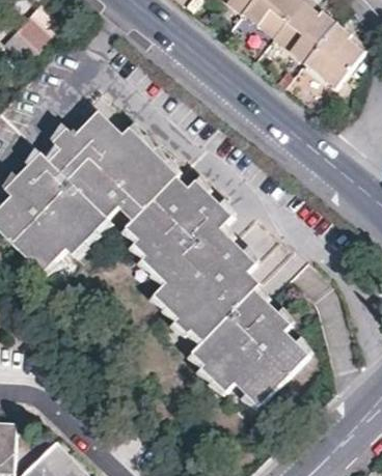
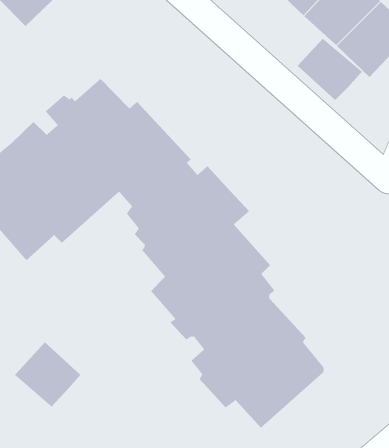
building: none -> [297,38,363,101]
building: none -> [14,341,81,407]

